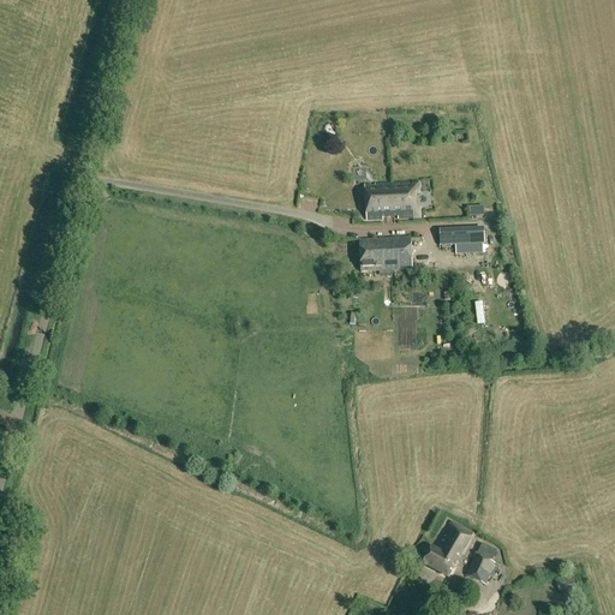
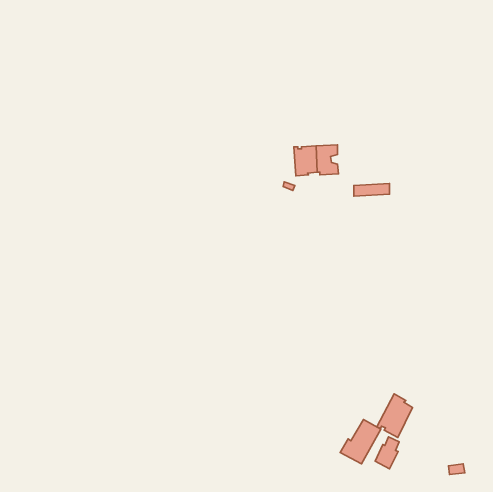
building: [360,237,412,270] -> none
building: none -> [377,394,413,437]

